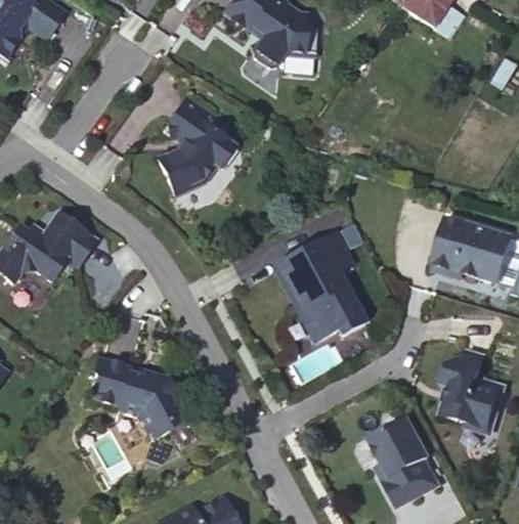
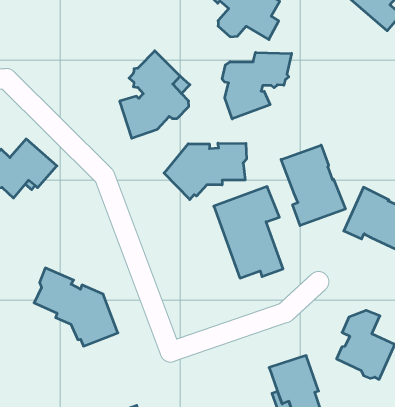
building: none -> [222,52,292,119]
building: none -> [281,145,345,226]
building: none -> [164,143,246,200]

